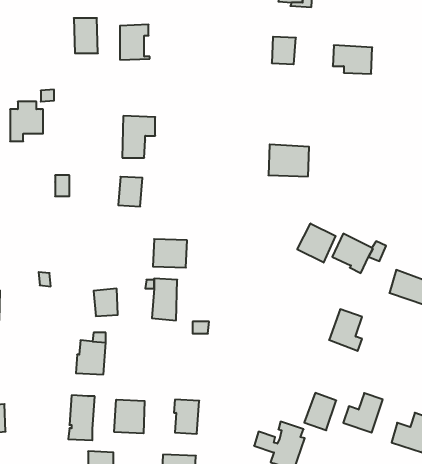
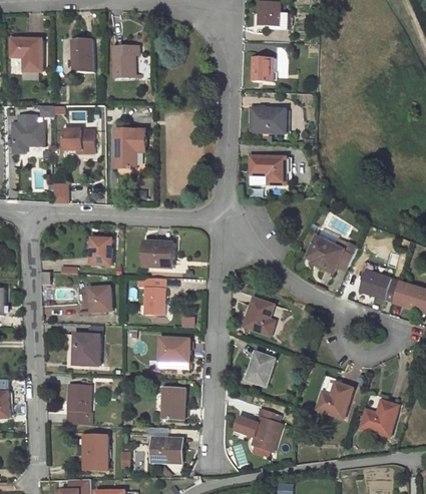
building: none -> [11,37,42,70]
building: [333,45,372,74] -> [251,106,287,132]
building: none -> [64,128,94,152]
building: [118,177,142,206] -> [90,236,112,264]
building: [297,223,336,263] -> none
building: [329,309,362,351] -> [244,297,274,335]
building: none -> [158,337,190,367]
building: [304,393,336,430] -> [246,351,275,385]
building: [114,400,145,433] -> none

